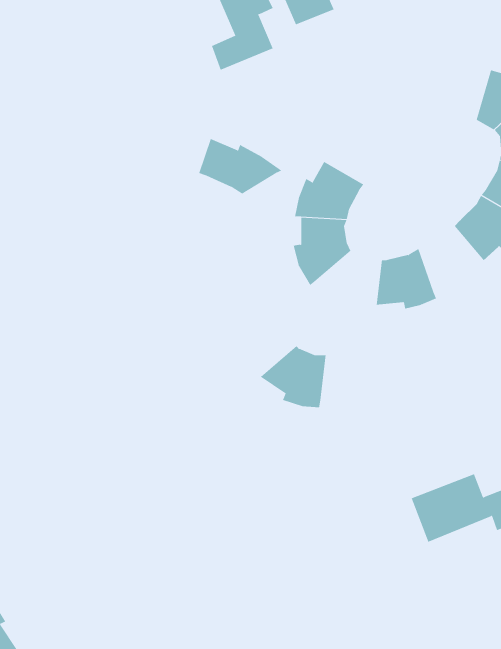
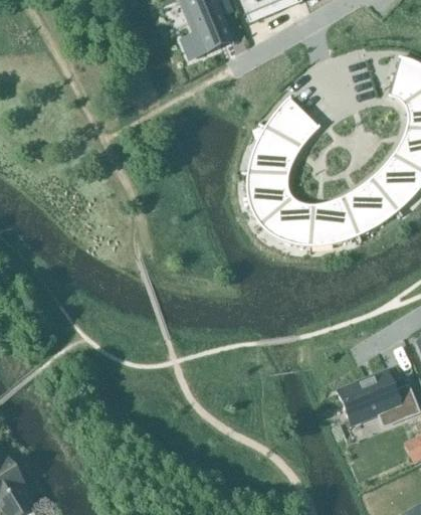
building: none -> [265,98,319,147]
building: [199,138,283,195] -> none
building: none -> [344,179,398,230]
building: [260,346,326,408] -> [263,198,314,246]

